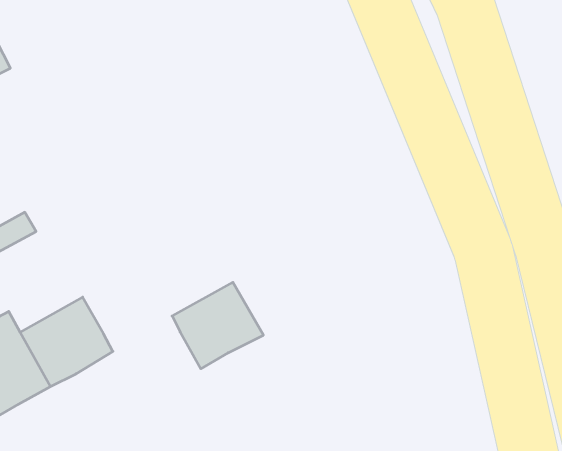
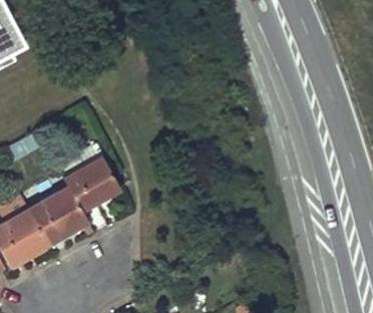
building: [172,282,263,369] -> [63,159,120,213]

